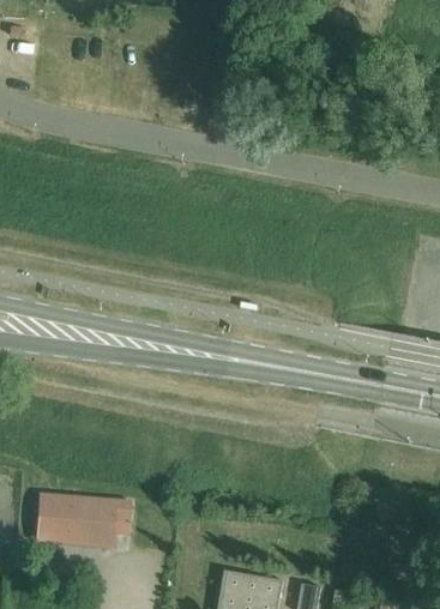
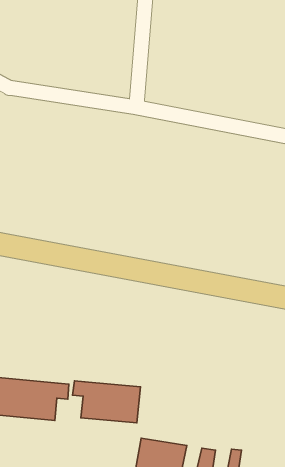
building: none -> [73,381,141,423]

